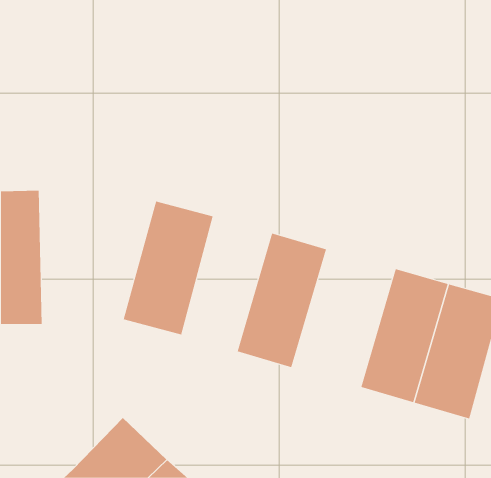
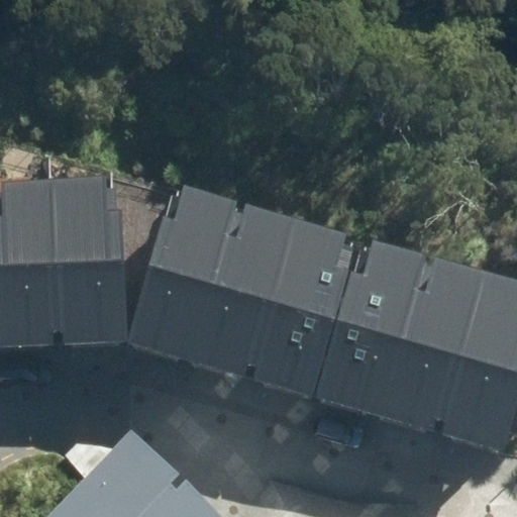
building: none -> [44,198,115,339]
building: none -> [193,226,287,368]
building: none -> [321,264,416,405]

